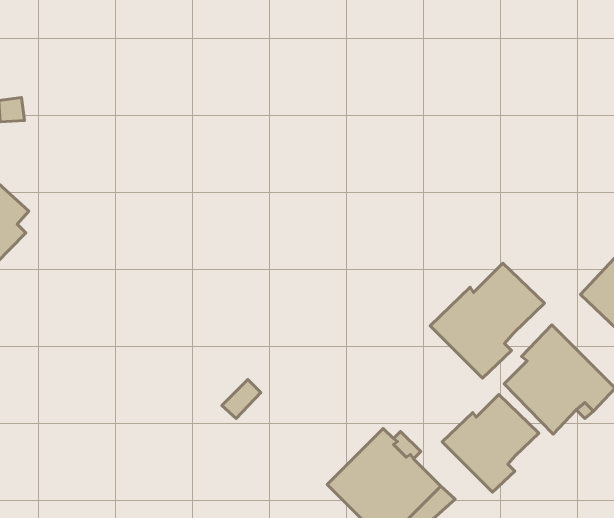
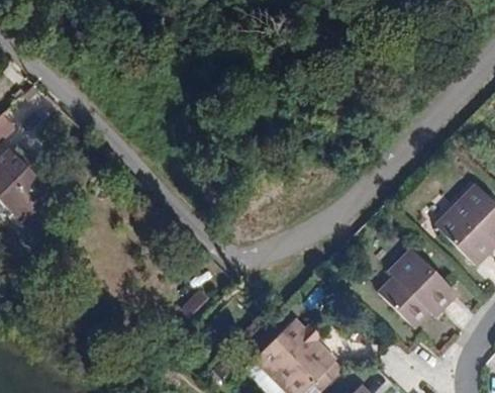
building: [430,263,545,378] -> none
building: [442,395,539,492] -> none

